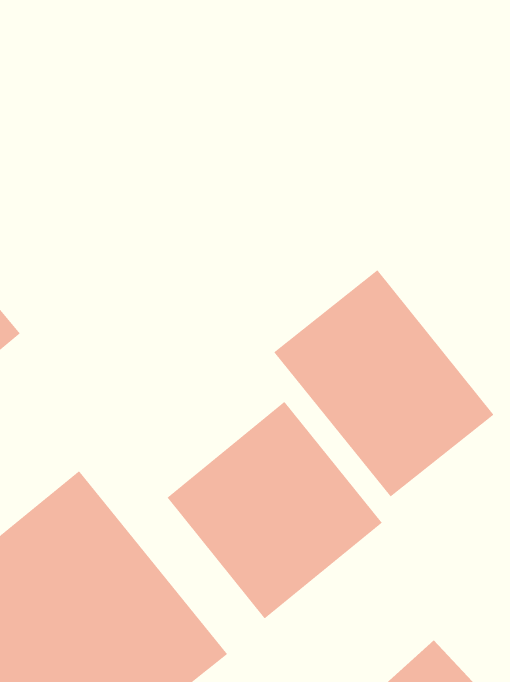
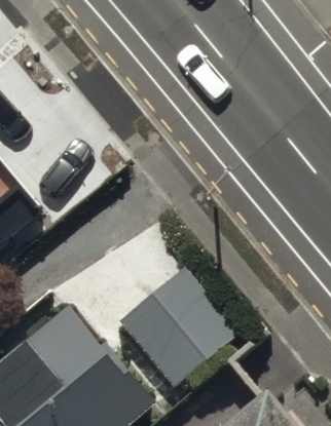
building: [273,269,495,498] -> none

